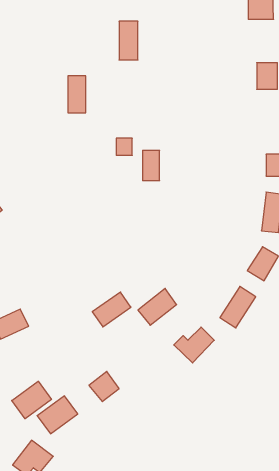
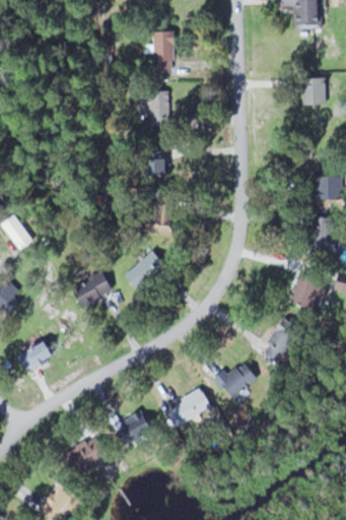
building: [68,76,86,113] -> [148,90,167,130]
building: [143,150,160,181] -> [153,201,171,234]
building: none -> [71,270,114,308]
building: [138,288,177,325] -> [168,386,210,426]
building: [92,292,131,327] -> [123,251,164,288]
building: [12,381,51,419] -> none

